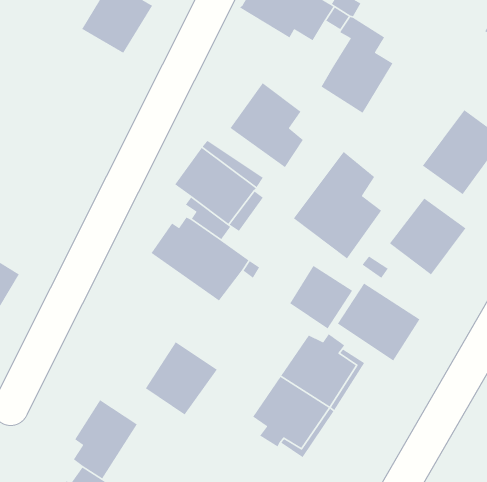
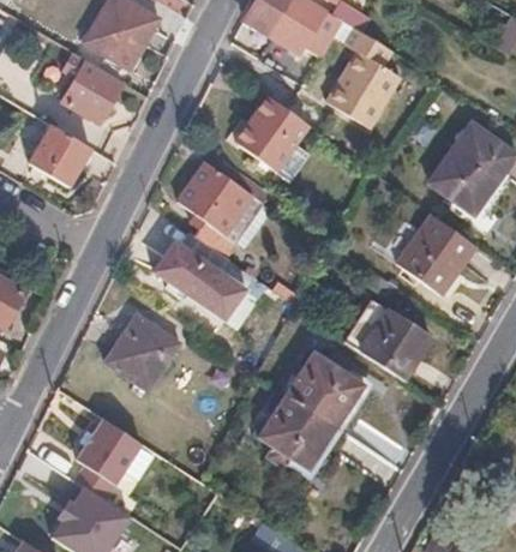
building: none -> [61,54,120,124]
building: none -> [28,126,88,185]
building: [293,151,382,260] -> none
building: [289,265,353,330] -> none
building: [145,341,218,416] -> [106,313,180,389]

